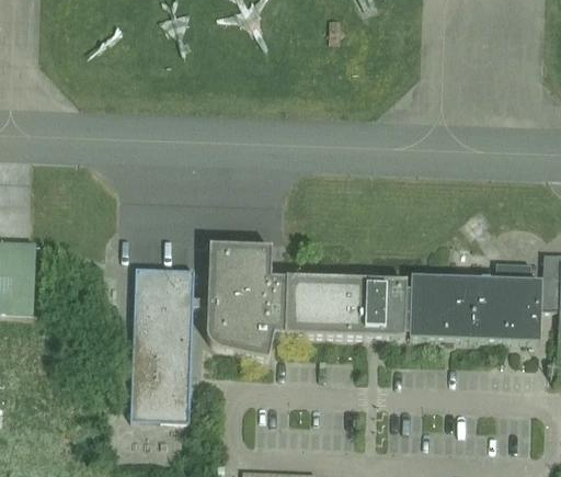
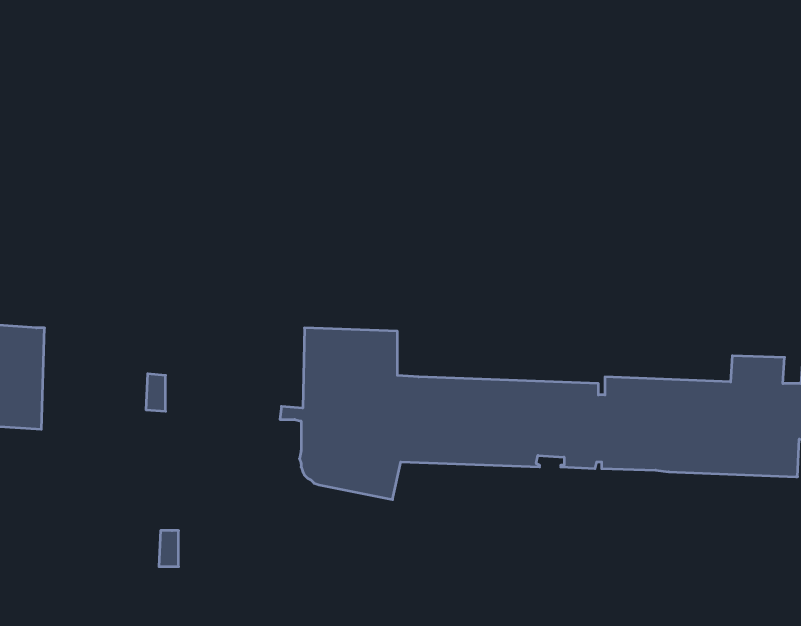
building: [129,265,193,419] -> none

